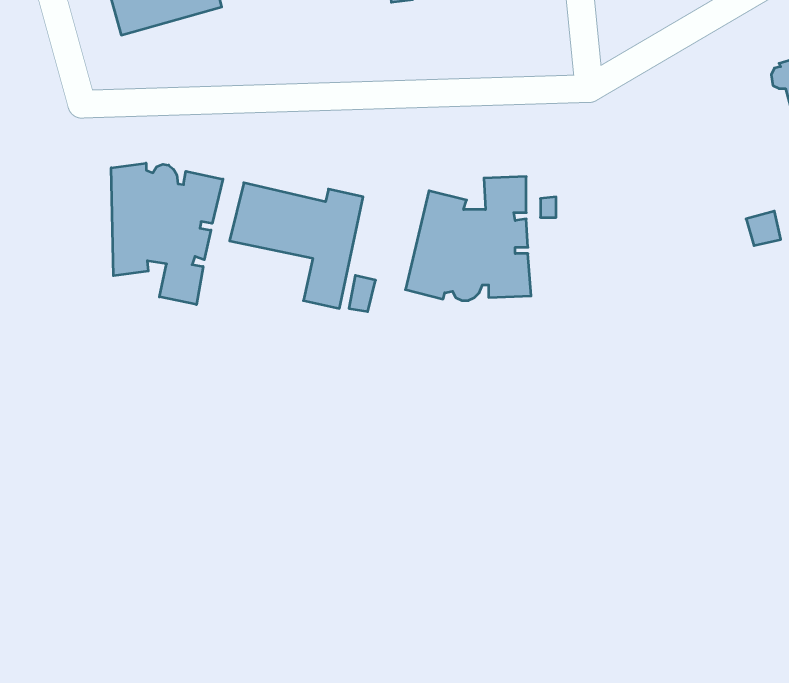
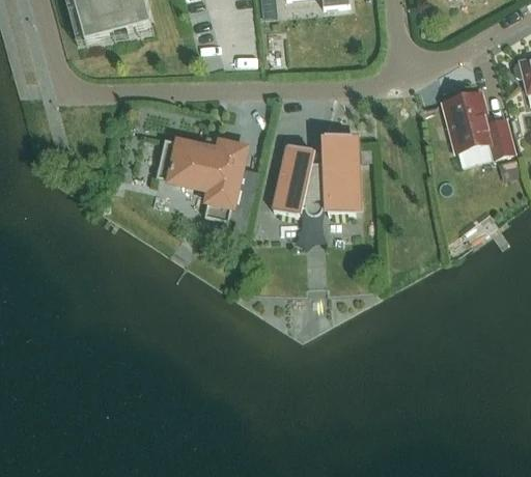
building: none -> [444,91,513,164]
building: [111,163,223,305] -> none

